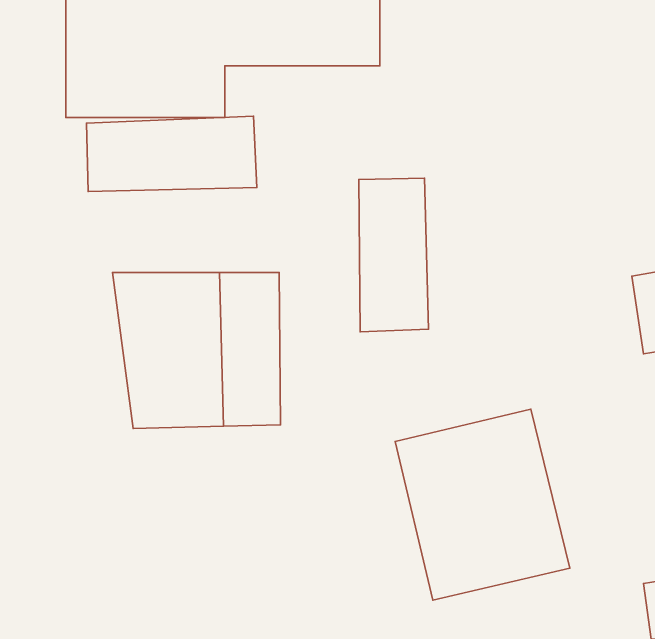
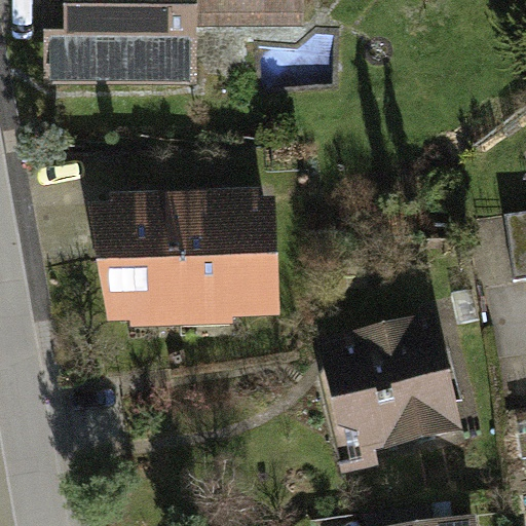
building: [87,116,257,191] -> none
building: [359,178,428,332] -> [226,216,281,338]

